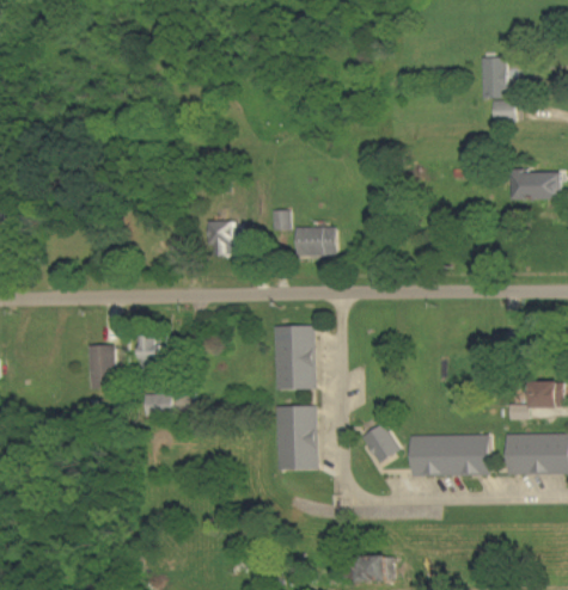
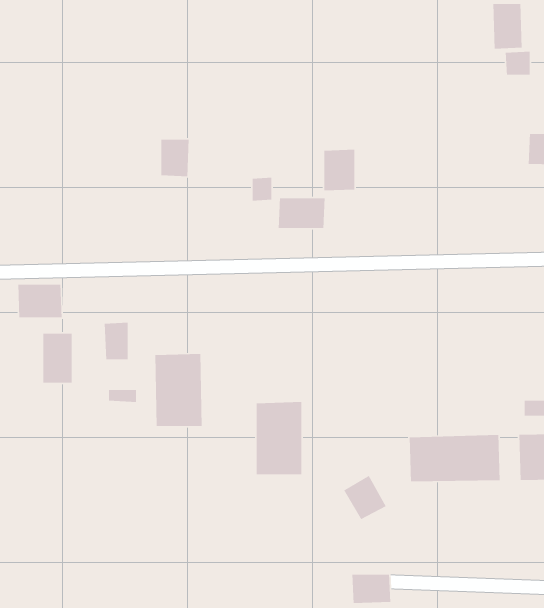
building: none -> [323,149,355,191]
building: [208,221,233,254] -> [161,139,189,177]
building: none -> [17,284,62,318]
building: [273,325,314,389] -> [155,353,202,427]
building: [361,423,399,462] -> [343,475,387,520]

